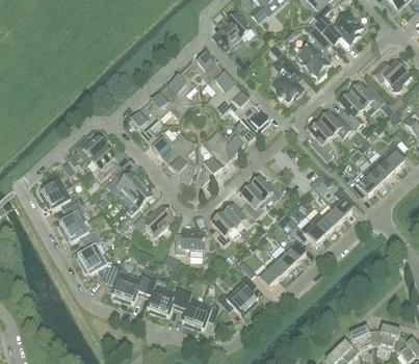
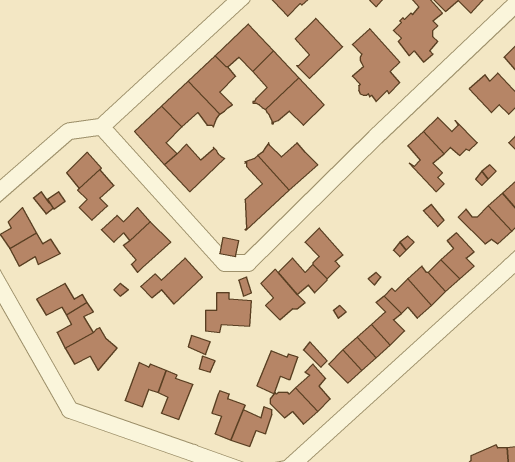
building: [339,94,363,130] -> none
building: [239,104,270,144] -> [295,18,343,78]
building: [164,139,195,186] -> none
building: [250,177,282,203] -> none
building: [58,202,86,232] -> none
building: [104,264,131,298] -> none
building: [157,288,184,316] -> [257,351,298,394]

